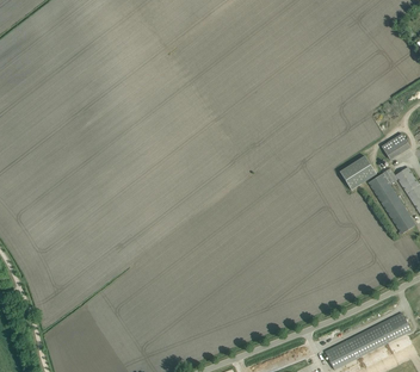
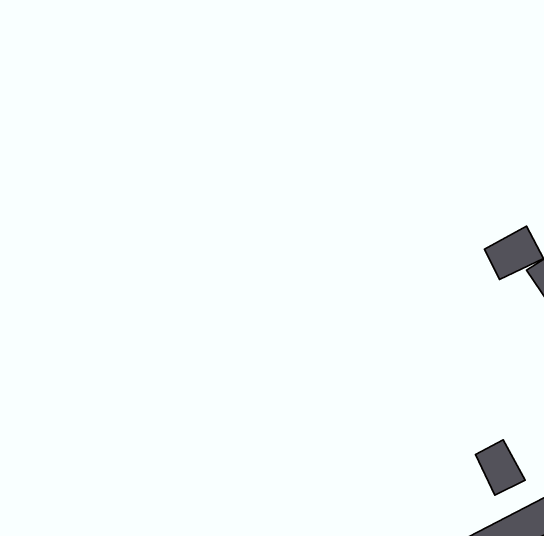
building: none -> [475,440,525,495]

